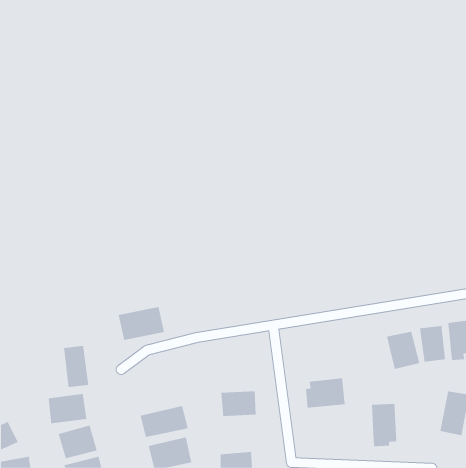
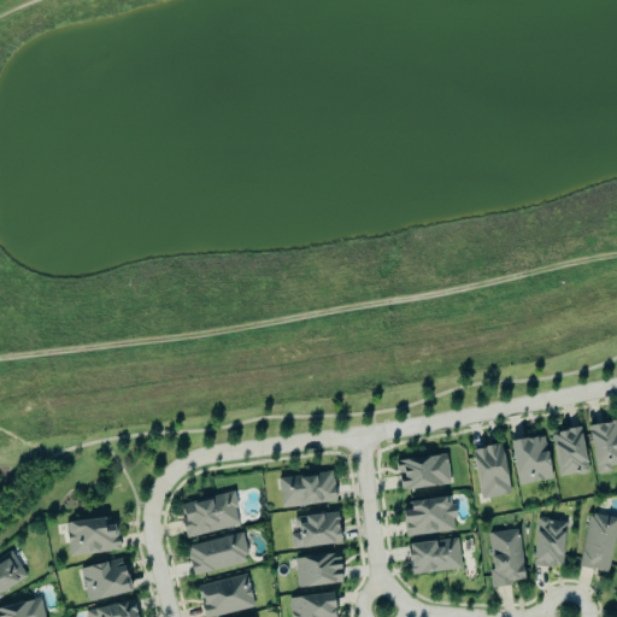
building: [118,306,165,340] -> [181,492,242,536]
building: none -> [475,443,512,498]
building: none -> [399,452,453,489]
building: [64,345,89,388] -> none
building: none -> [281,471,337,507]
building: none -> [536,518,566,566]
building: none -> [410,537,464,574]
building: none -> [296,552,345,586]

